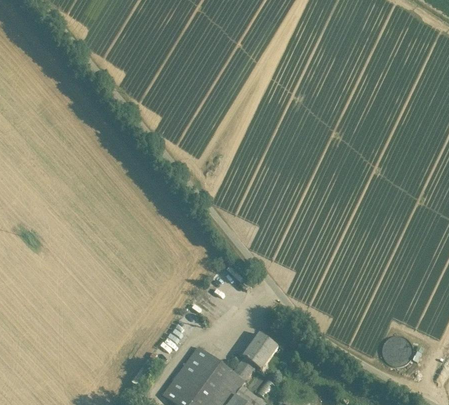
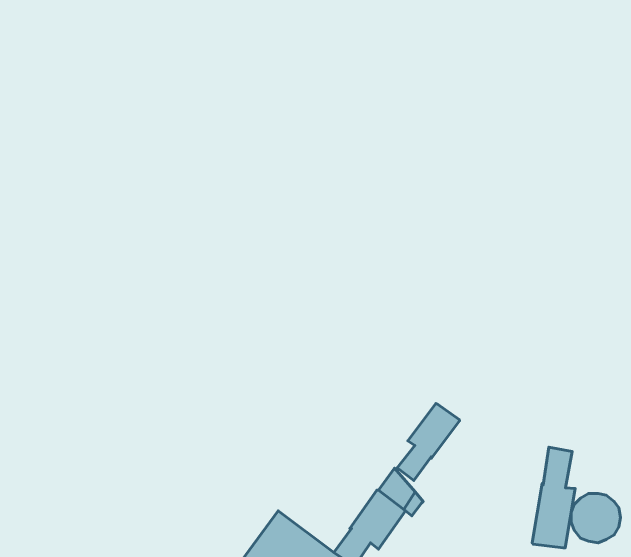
building: none -> [397,404,459,481]
building: none -> [532,447,575,548]

